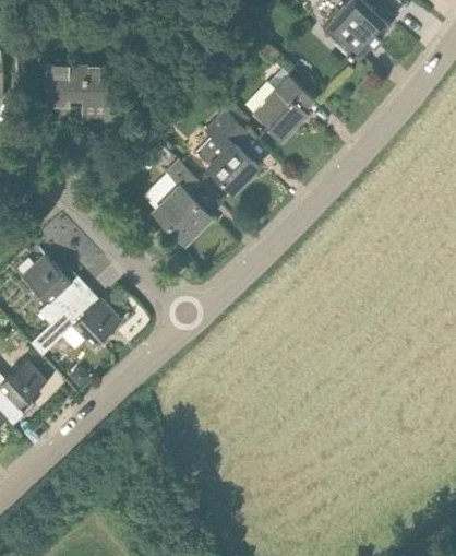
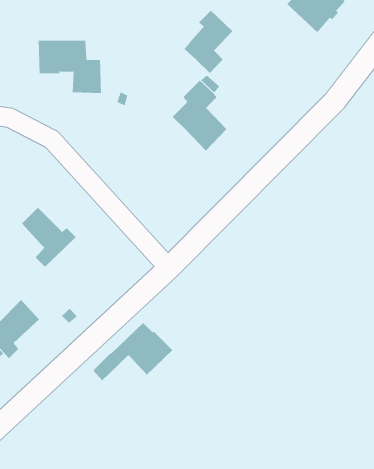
building: [252,69,308,141] -> [184,10,233,74]
building: [154,162,209,241] -> none
building: [31,288,121,355] -> [93,322,173,381]

